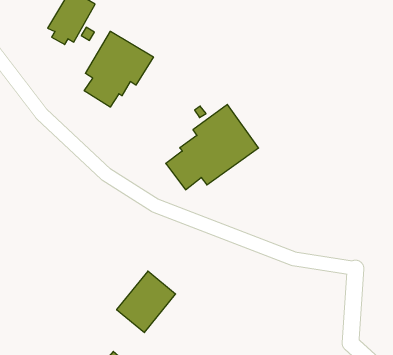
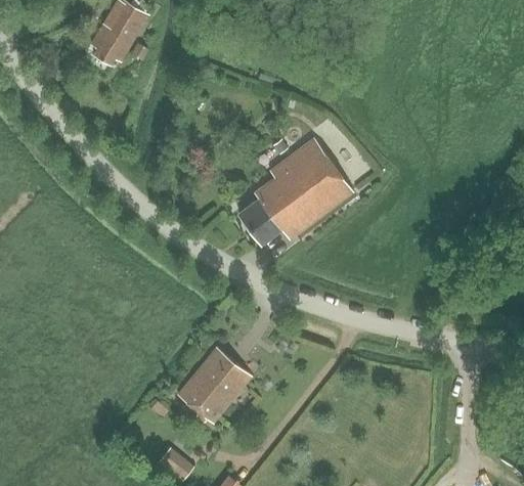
building: [84,31,153,107] -> none

